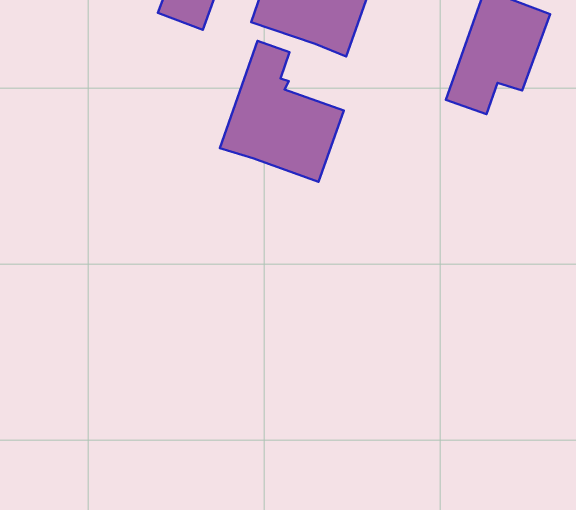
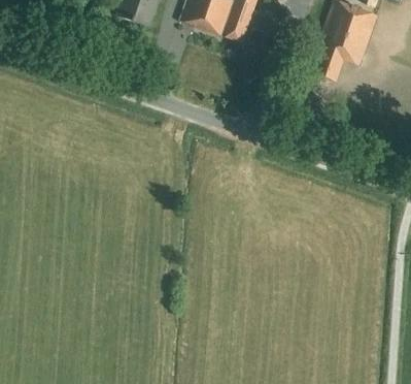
building: [220,41,344,182] -> none

